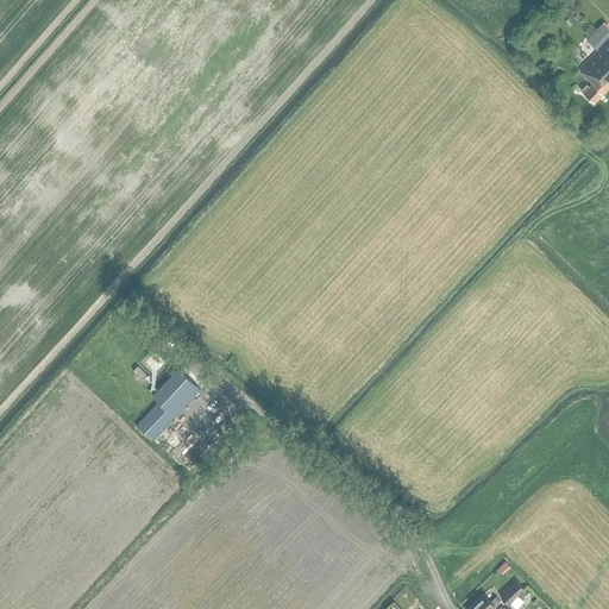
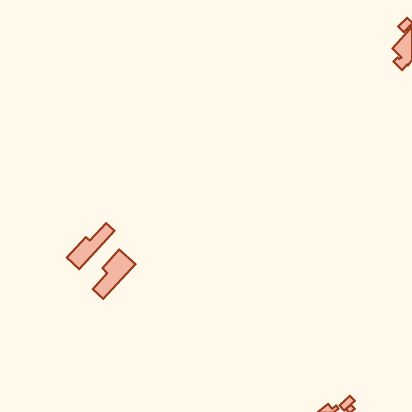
building: none -> [67,223,115,269]

